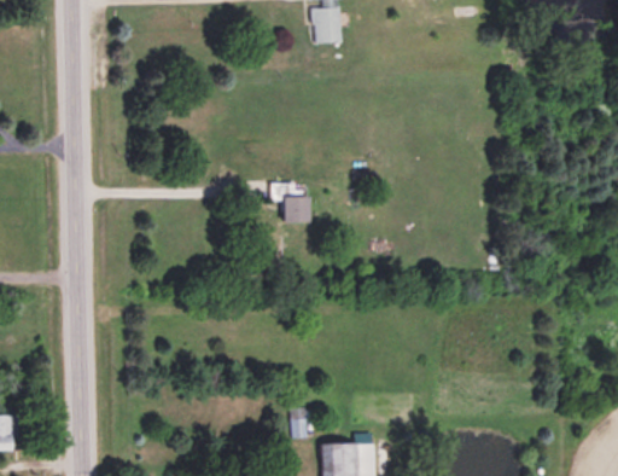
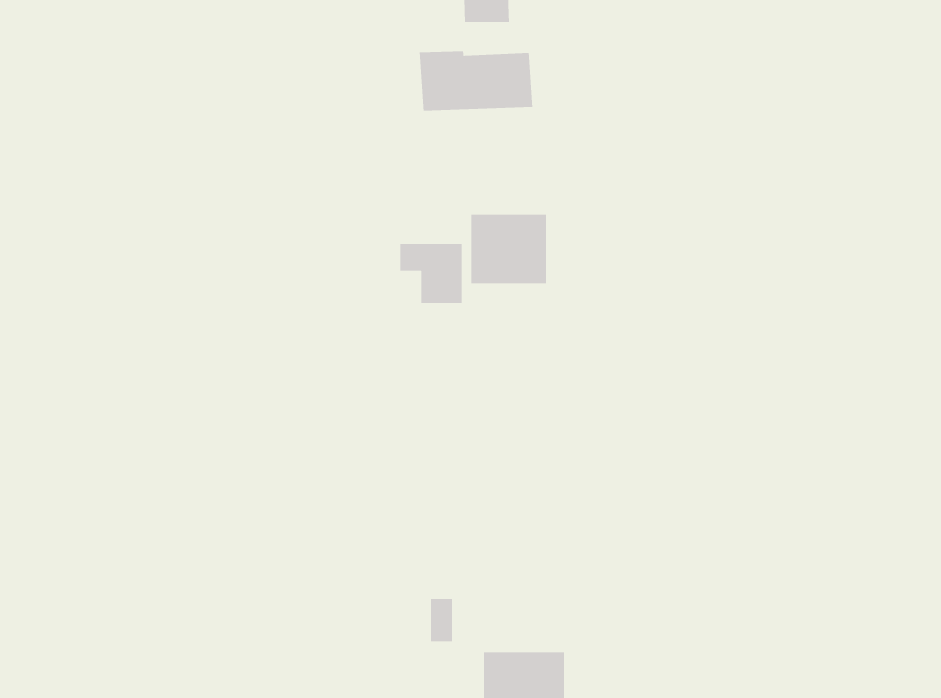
building: none -> [419,51,533,112]
building: none -> [471,214,547,284]

